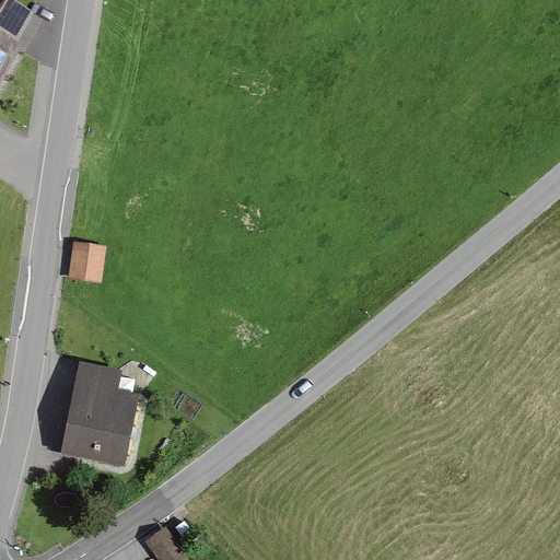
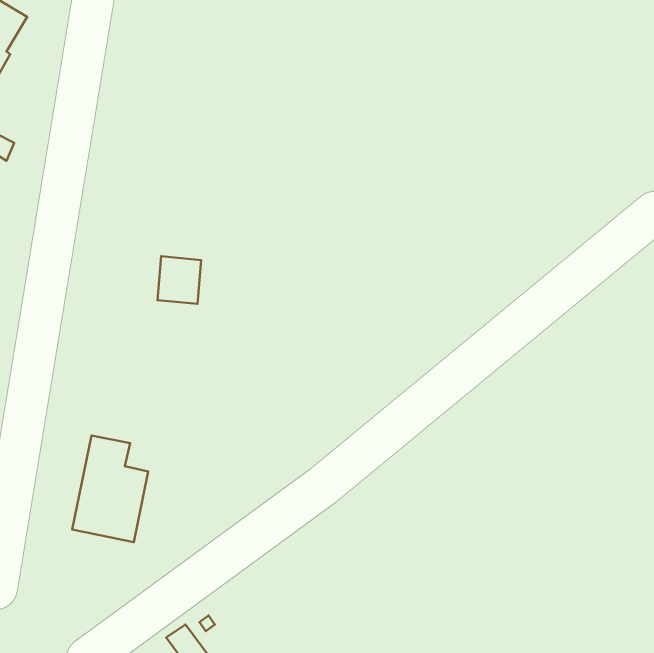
building: [69,238,106,279] -> [157,256,201,304]

